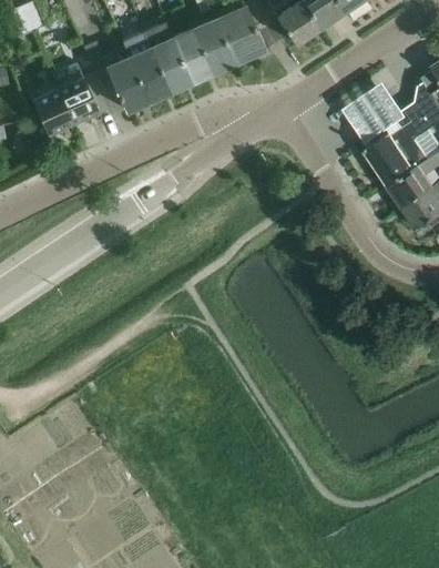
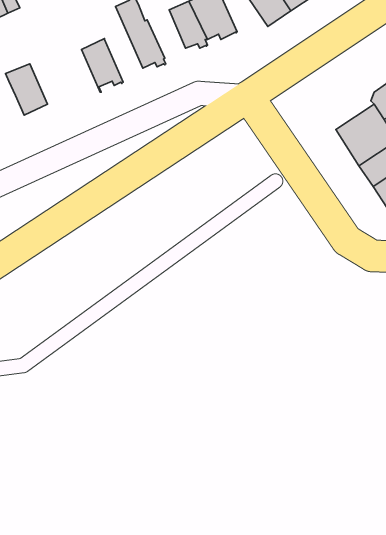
building: [130,24,170,95] -> none
building: [173,28,213,77] -> none
building: [54,72,98,123] -> none
building: [343,81,402,142] -> none

